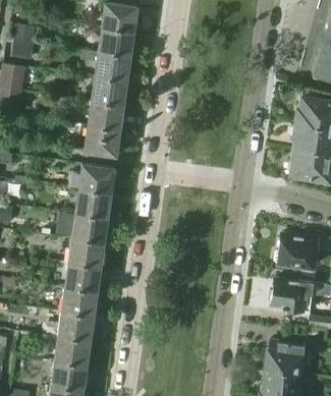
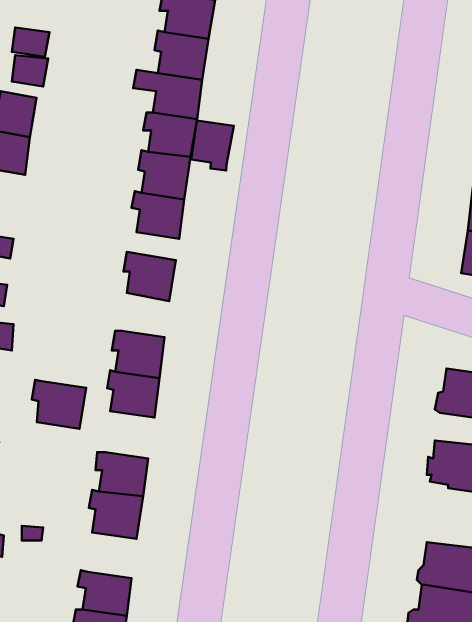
building: none -> [191,121,234,170]
building: [78,186,110,214] -> none
building: [67,259,101,289] -> [32,380,86,429]
building: [57,335,90,363] -> none

